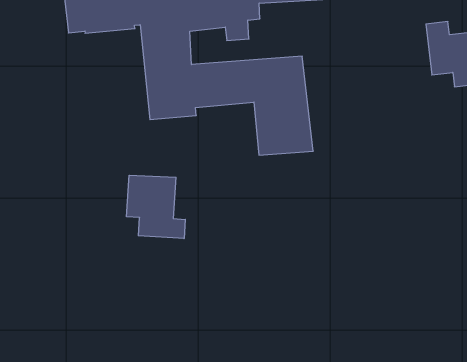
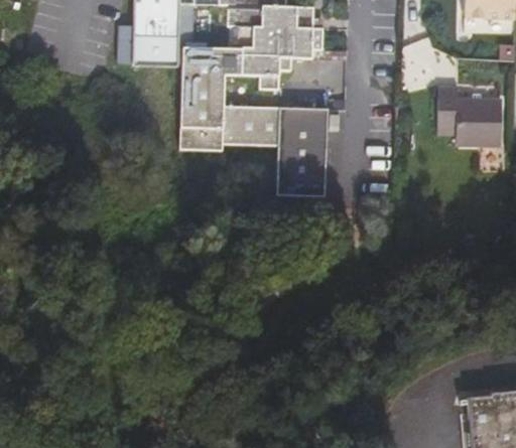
building: [127,175,185,239] -> none

